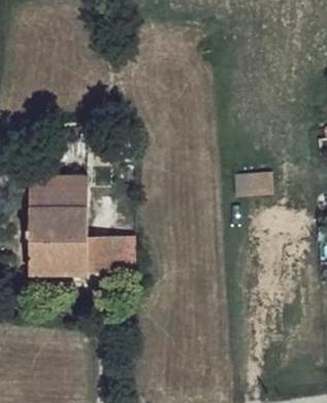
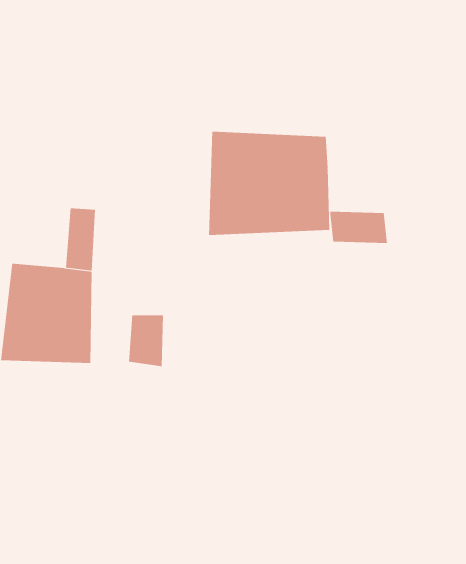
building: none -> [209,131,330,236]
building: [33,172,70,211] -> none

